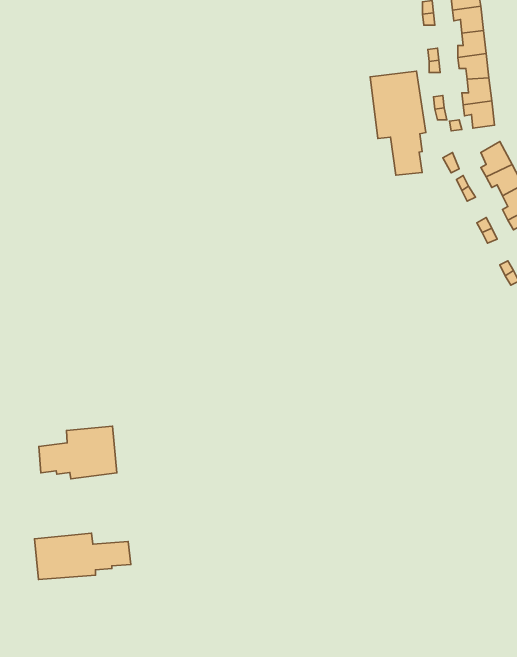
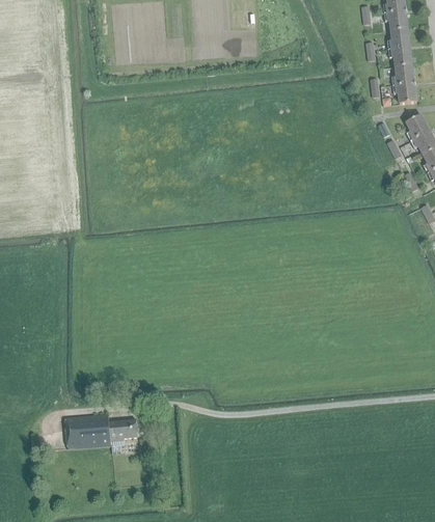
building: [370,71,426,175] -> none
building: [39,426,117,479] -> none

